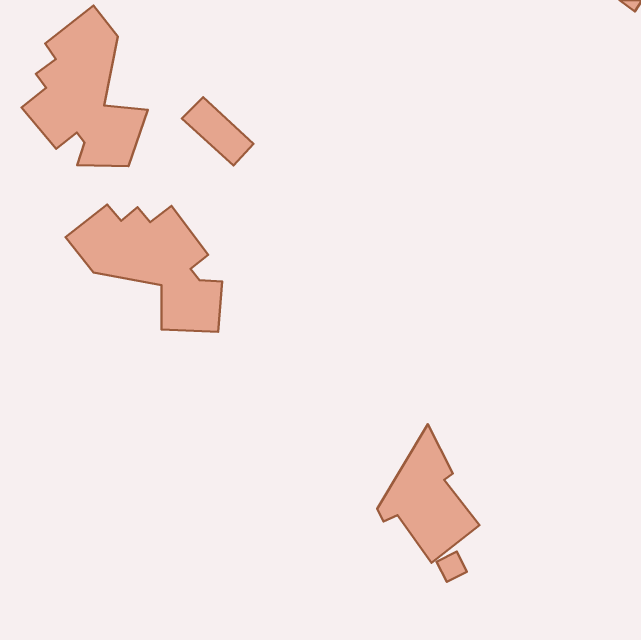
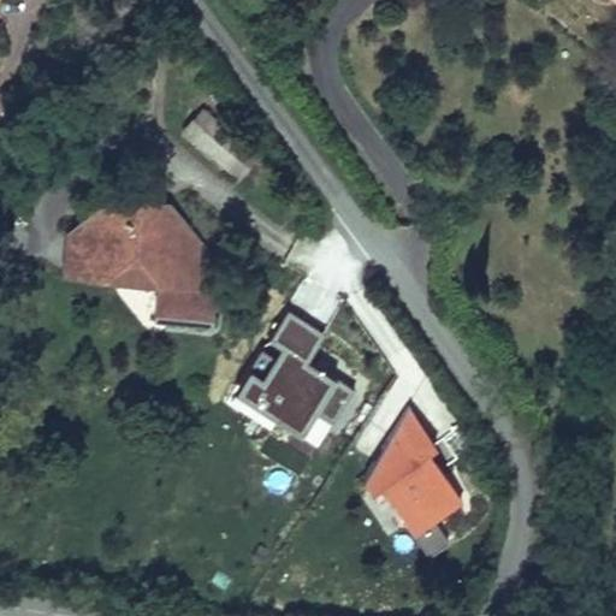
building: [22,6,148,166] -> none
building: none -> [238,316,351,436]

